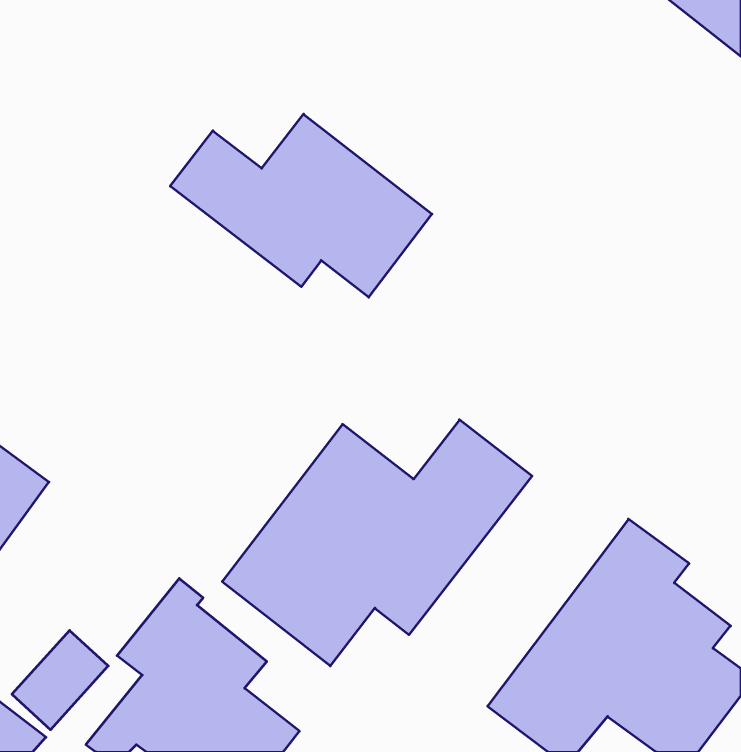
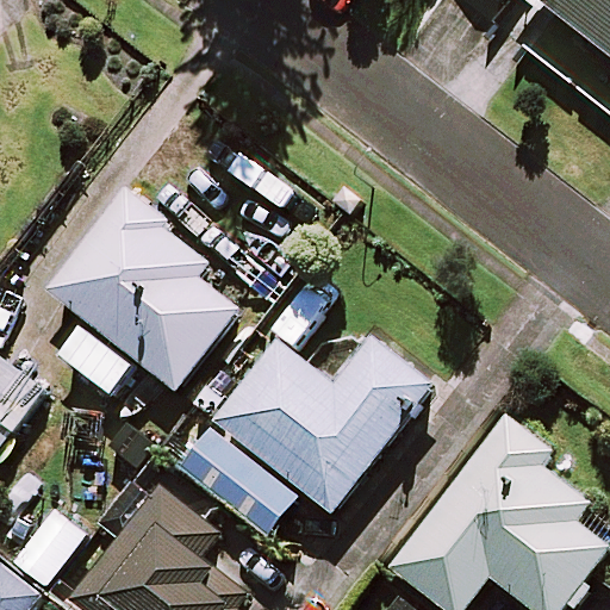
building: [170,114,432,297] -> none
building: none -> [48,188,236,388]

